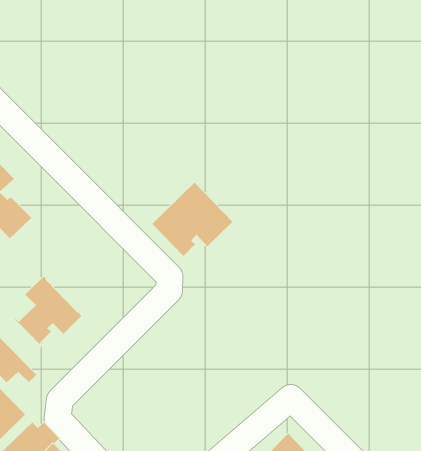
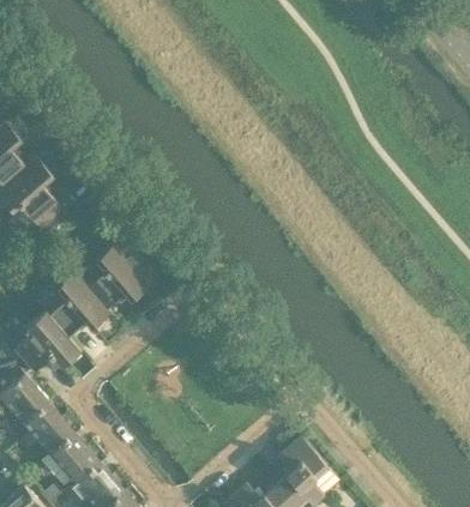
building: [151,182,233,256] -> [77,237,156,308]

